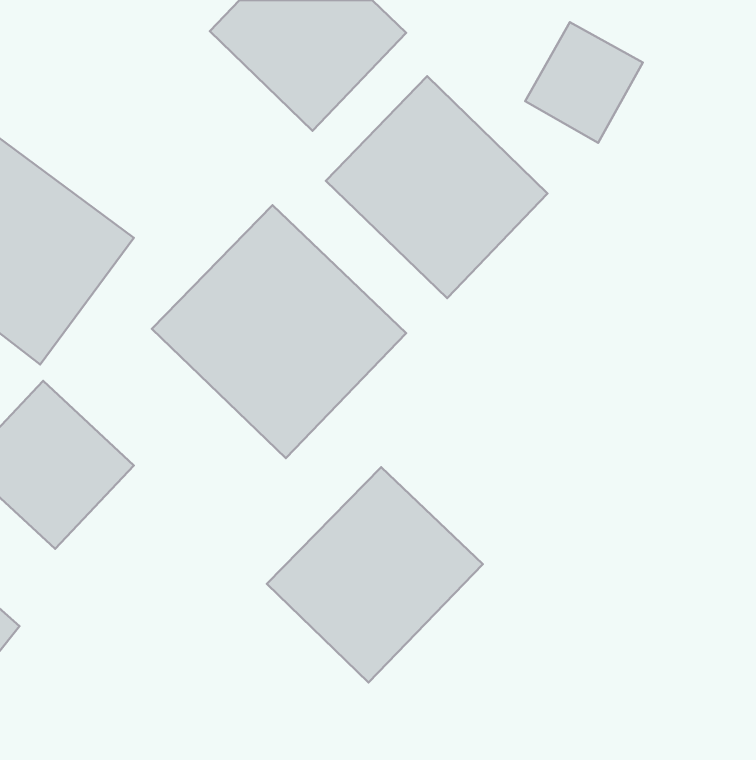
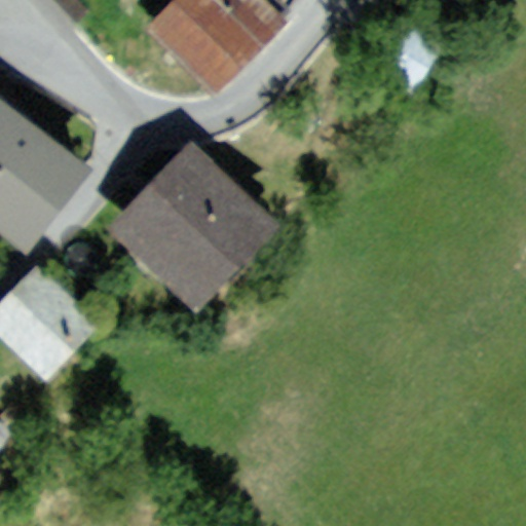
building: [326,76,547,298] -> none
building: [267,467,483,682] -> none

